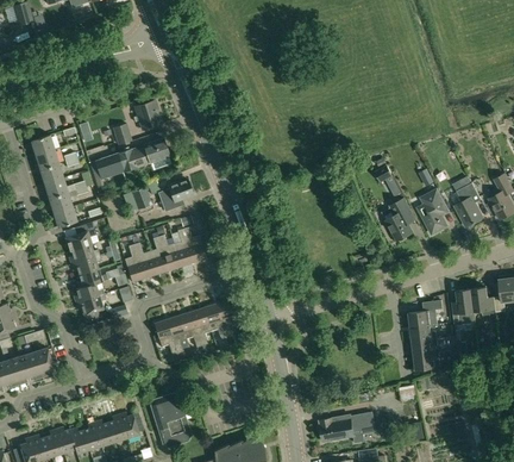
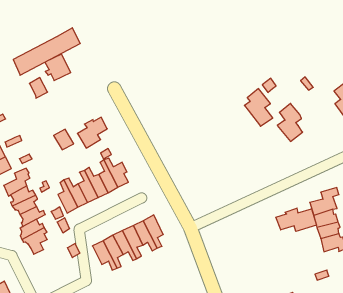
building: [90,137,169,181] -> [13,28,80,75]
building: [418,191,447,233] -> [244,89,273,126]
building: none -> [276,208,316,231]

